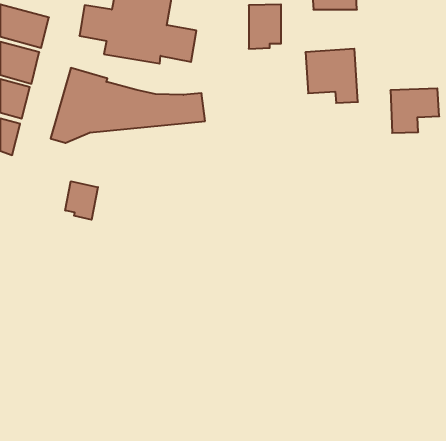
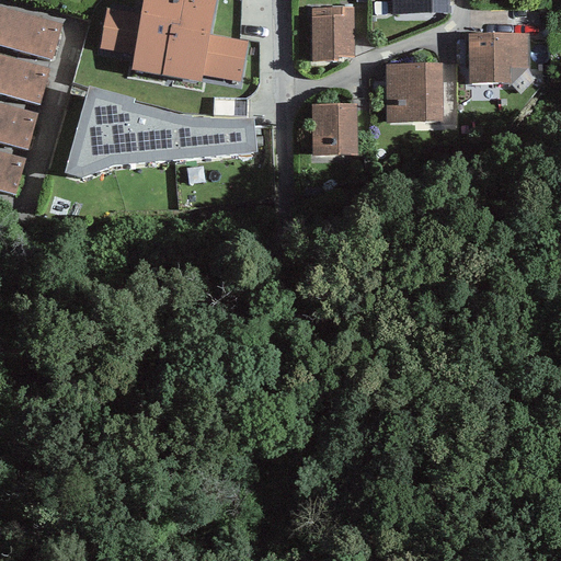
building: none -> [308,103,358,162]
building: [390,88,439,133] -> [469,34,530,90]
building: [65,181,98,220] -> none

